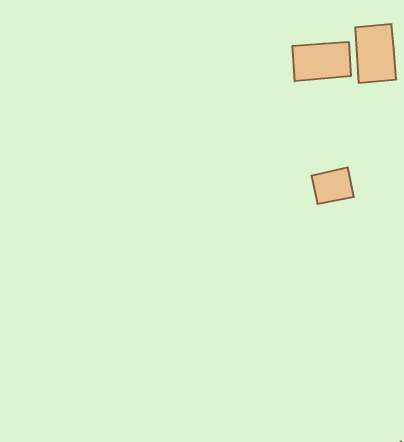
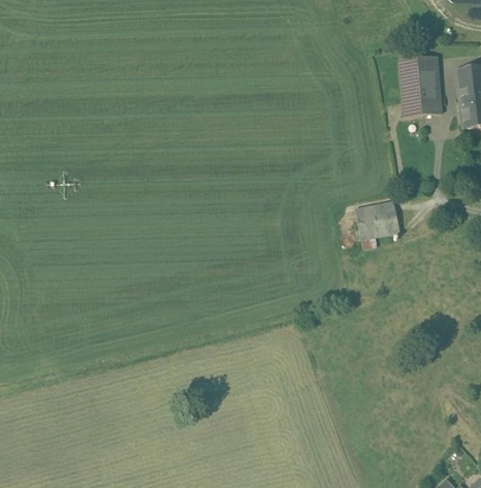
building: [293,42,351,81] -> none

